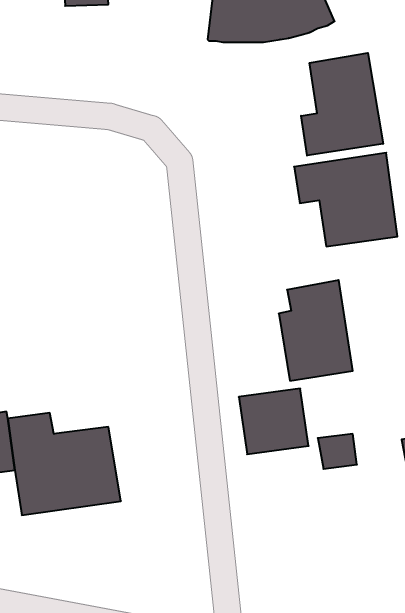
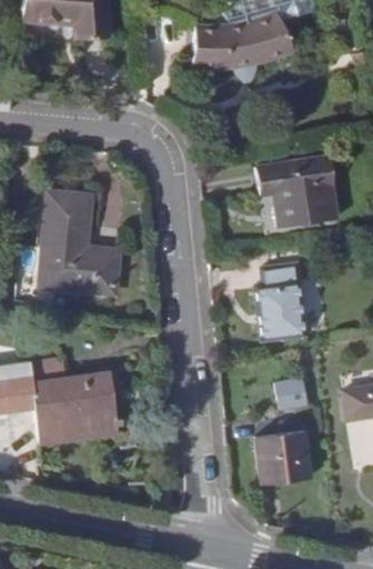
building: [301,53,383,156] -> none
building: none -> [38,203,117,291]
building: [239,389,309,454] -> [254,431,310,483]

